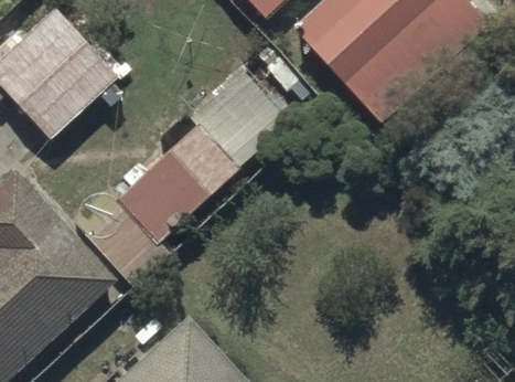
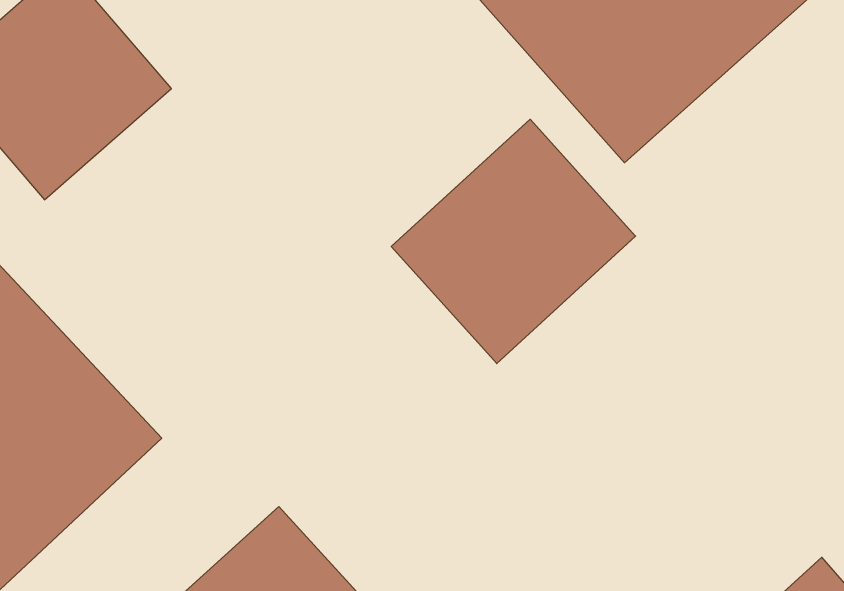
building: none -> [391,119,636,364]
building: [115,127,236,244] -> none

